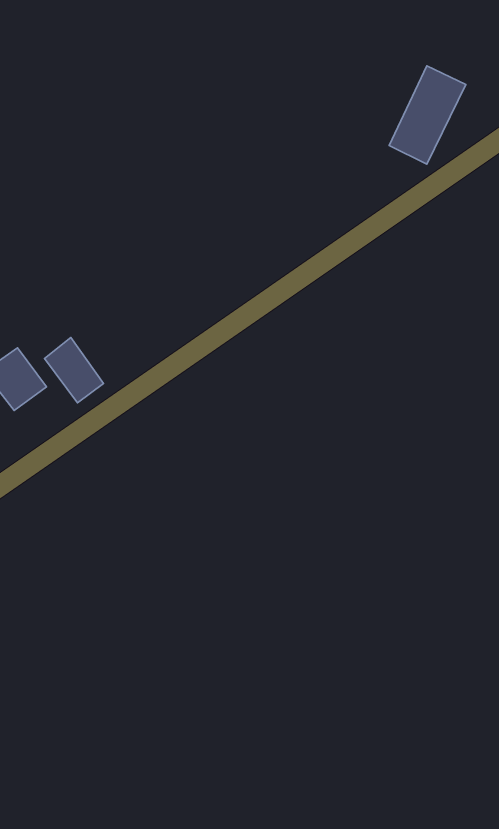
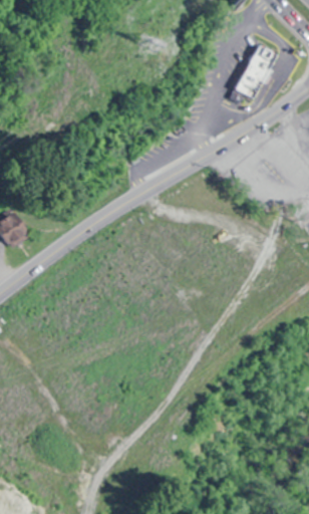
building: [45,337,103,403] -> none

